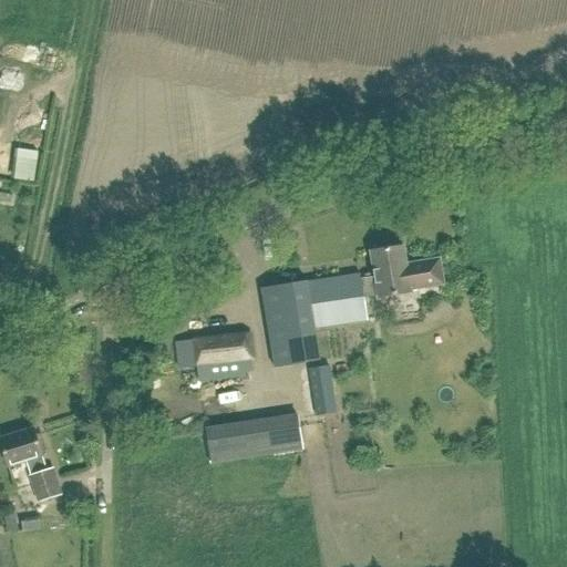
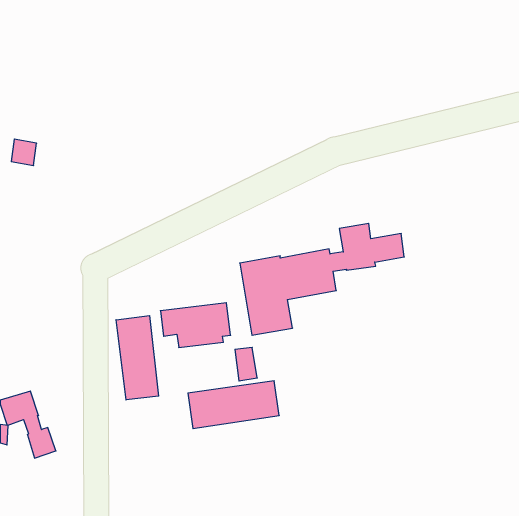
building: none -> [116,316,159,400]
building: [308,364,332,401] -> [235,347,257,381]

